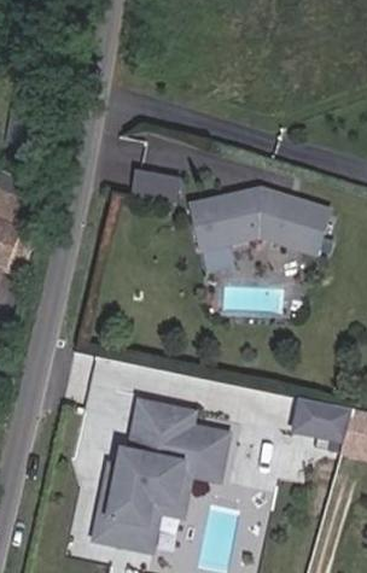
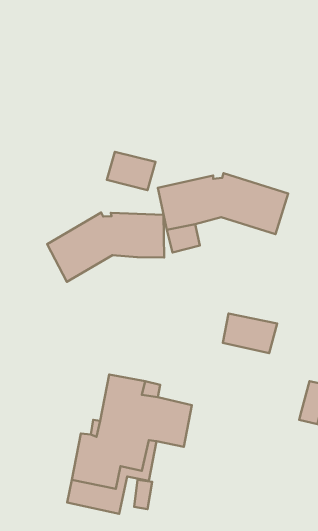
building: none -> [47,212,164,282]
building: [293,397,351,439] -> [223,313,277,353]

